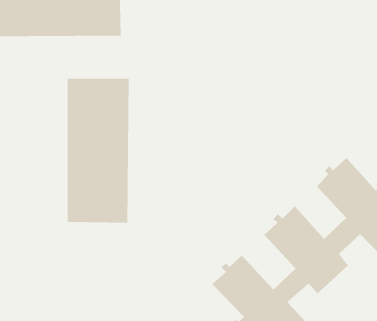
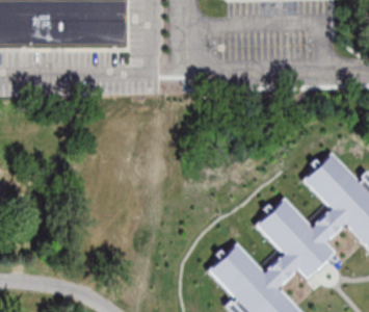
building: [67,78,129,224] -> none

